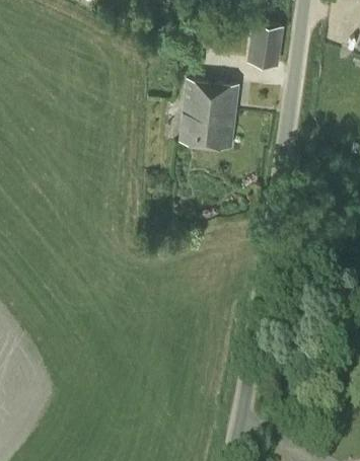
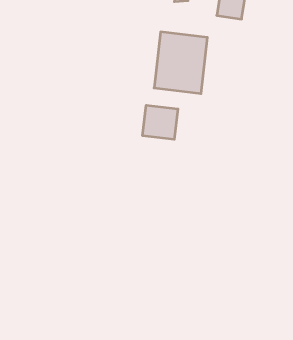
building: none -> [143,105,178,139]

